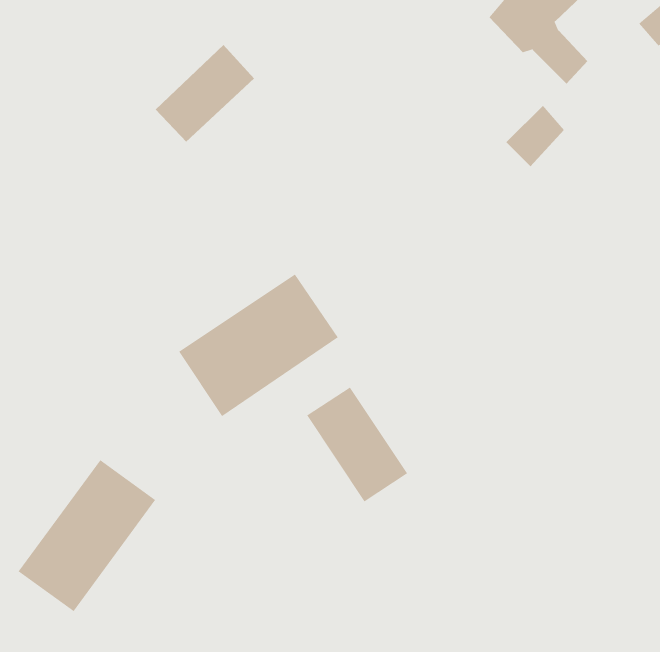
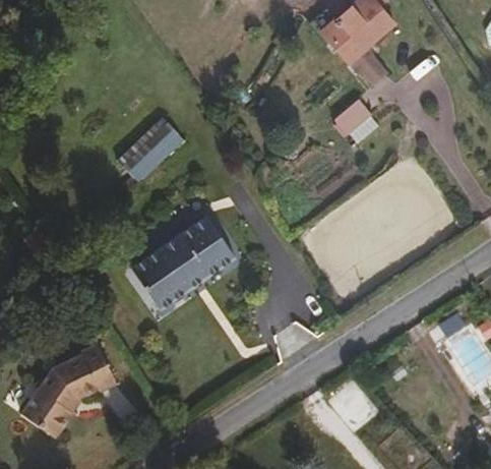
building: [155,44,255,142] -> [124,112,189,176]
building: [306,386,408,502] -> none

